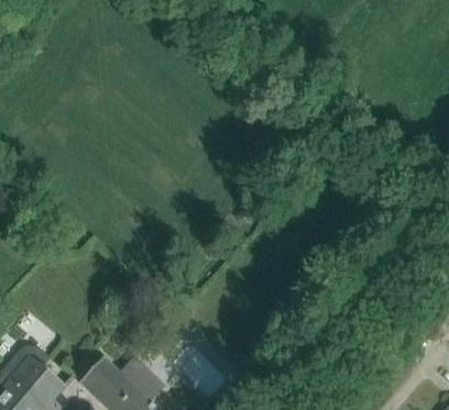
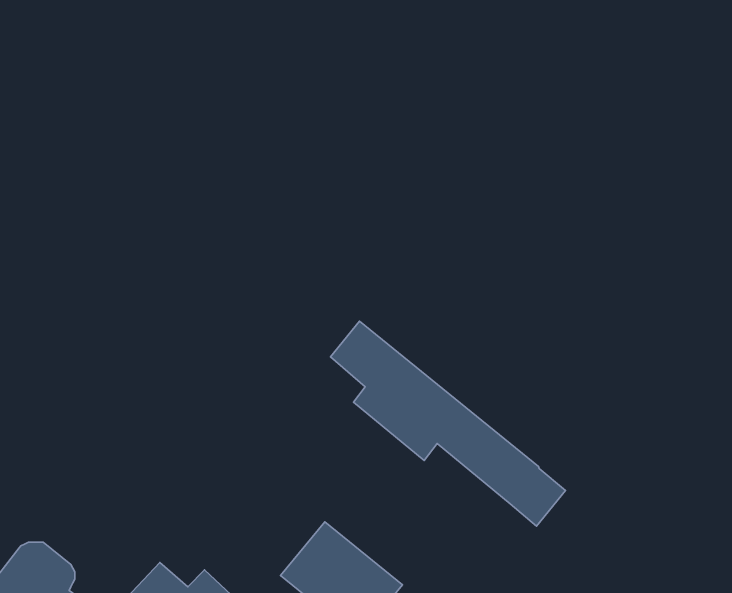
building: none -> [330,321,566,526]

